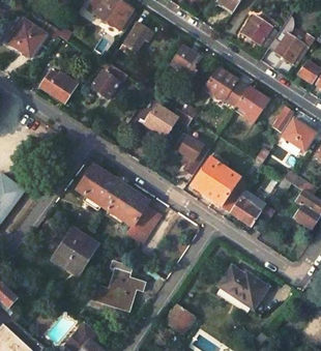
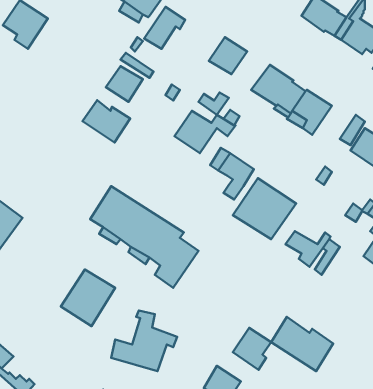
building: [38,70,76,104] -> [83,100,130,142]
building: none -> [233,328,271,370]

